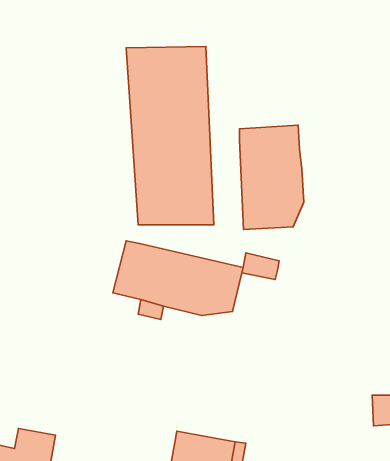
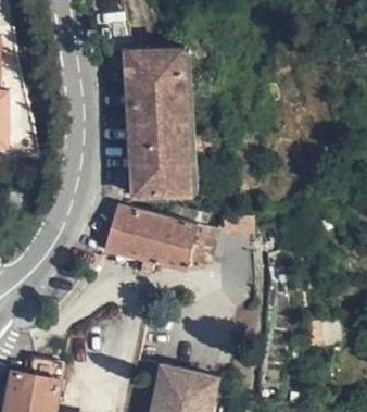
building: [239,125,304,230] -> none

